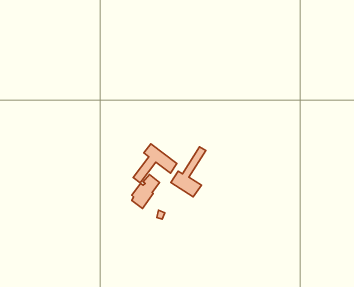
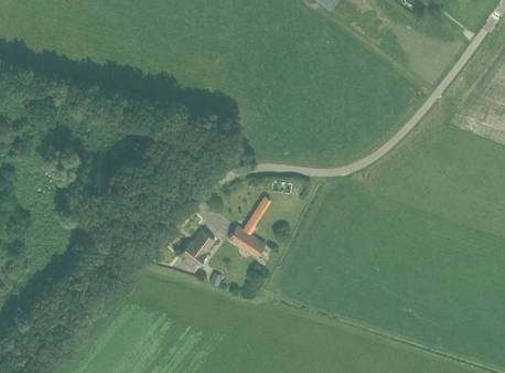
building: [133,144,177,183] -> none

